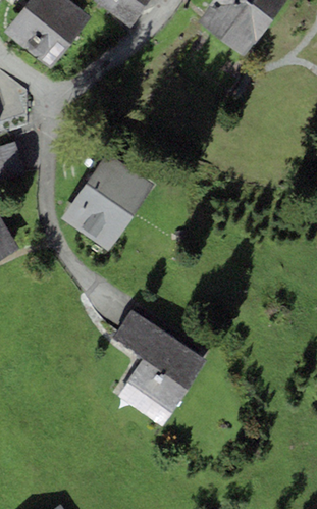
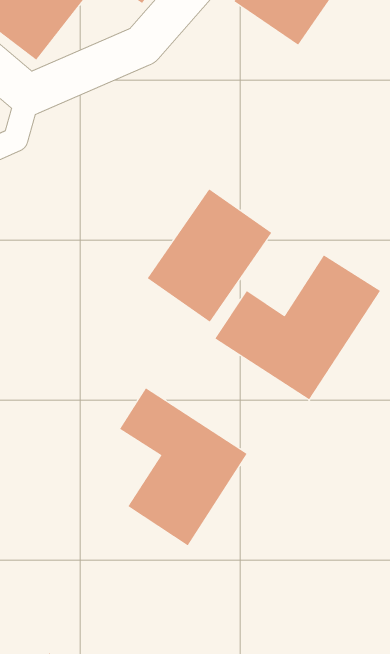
building: [61,152,154,251] -> [147,189,272,322]
building: none -> [215,255,381,400]

